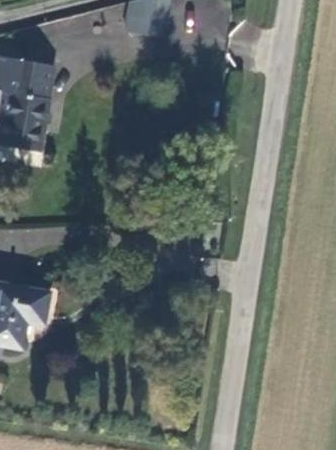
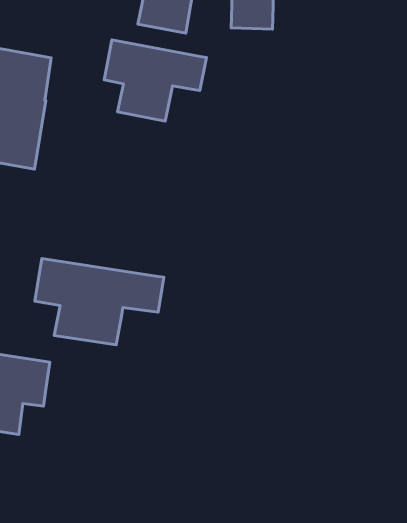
building: none -> [104,40,206,121]
building: none -> [35,258,164,345]

